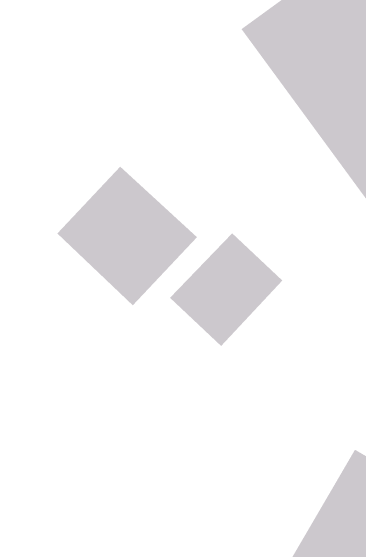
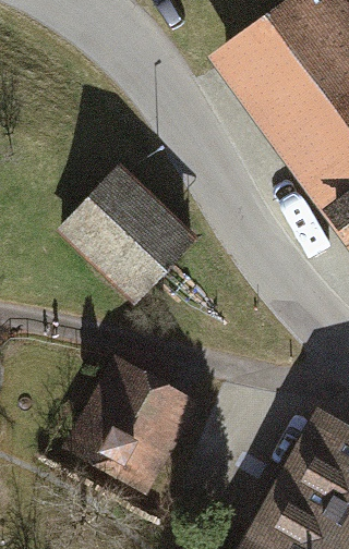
building: [169,232,283,347] -> none
building: none -> [79,365,186,480]

